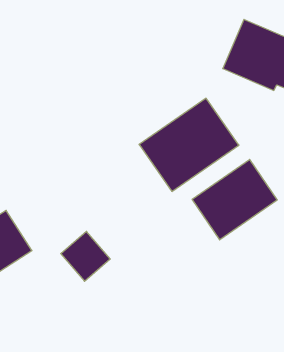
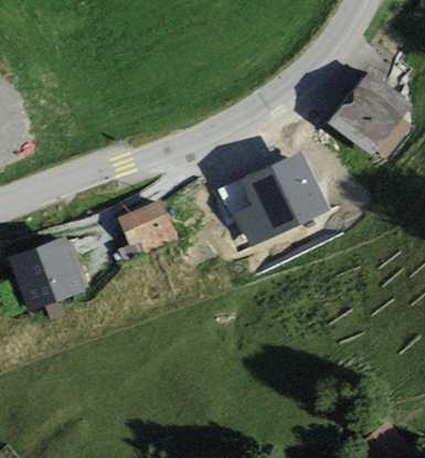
building: [192,159,277,240] -> none
building: [61,231,110,281] -> [121,201,176,256]

